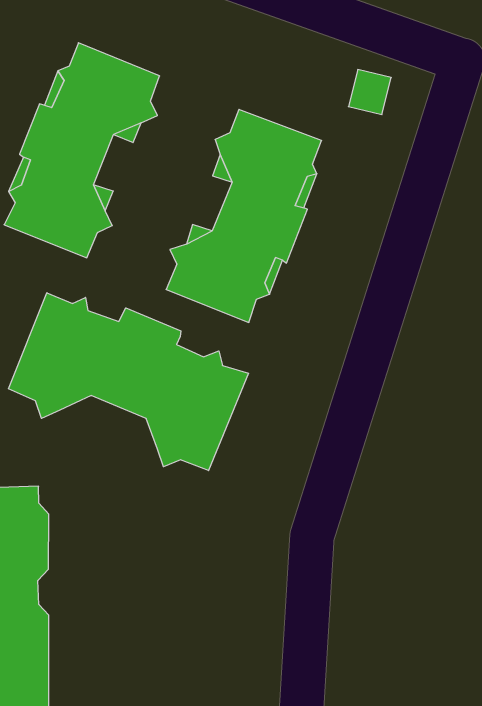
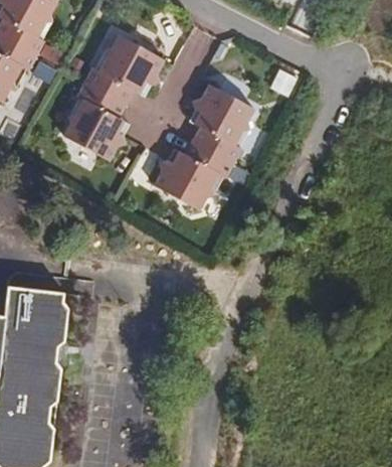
building: [9,293,248,471] -> none

